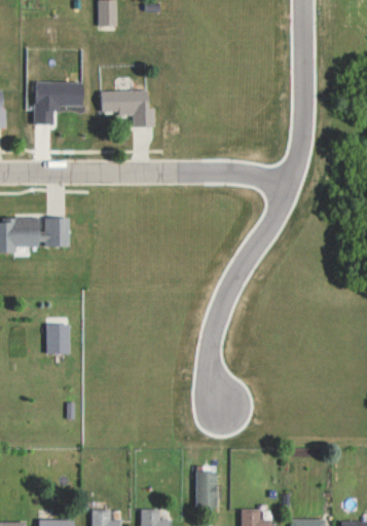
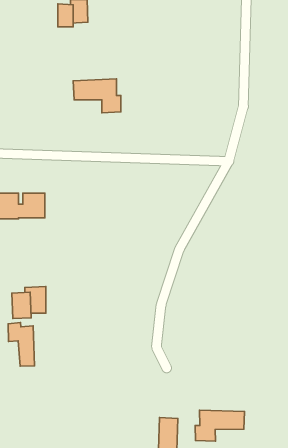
building: [34,82,83,124] -> none
building: none -> [8,323,34,366]
building: none -> [195,410,244,441]

